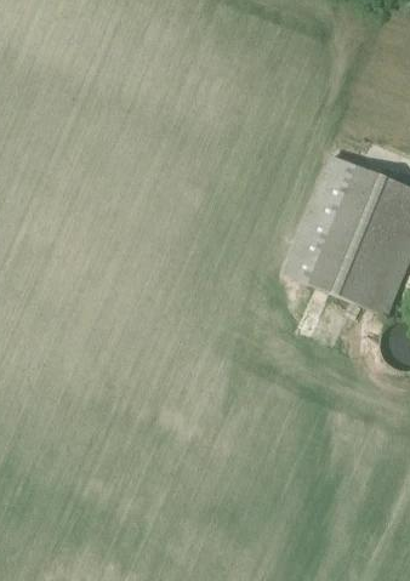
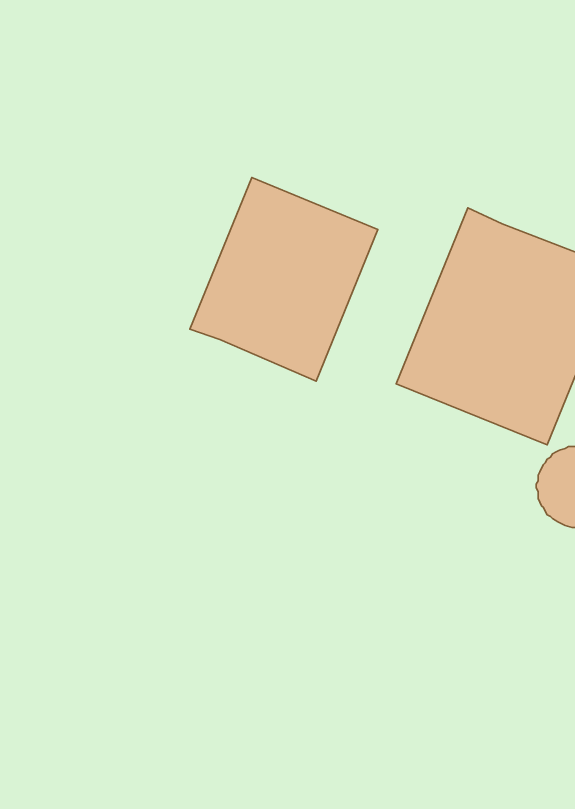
building: none -> [190,178,378,381]

